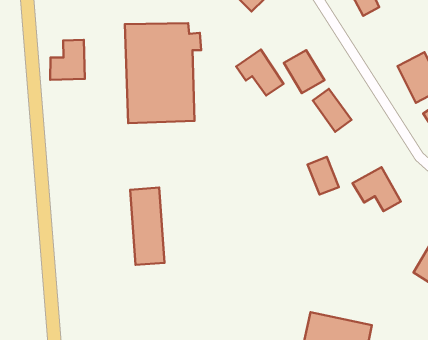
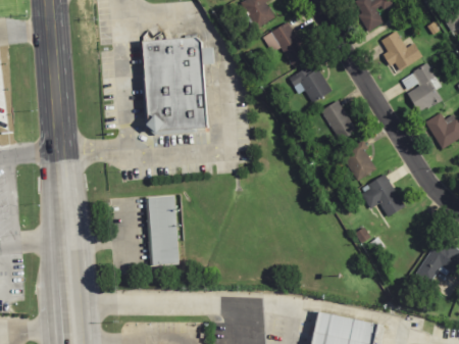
building: none -> [378,32,421,71]
building: [50,40,85,80] -> none
building: [236,49,283,96] -> [262,21,307,65]
building: [308,157,339,195] -> [345,142,374,178]

